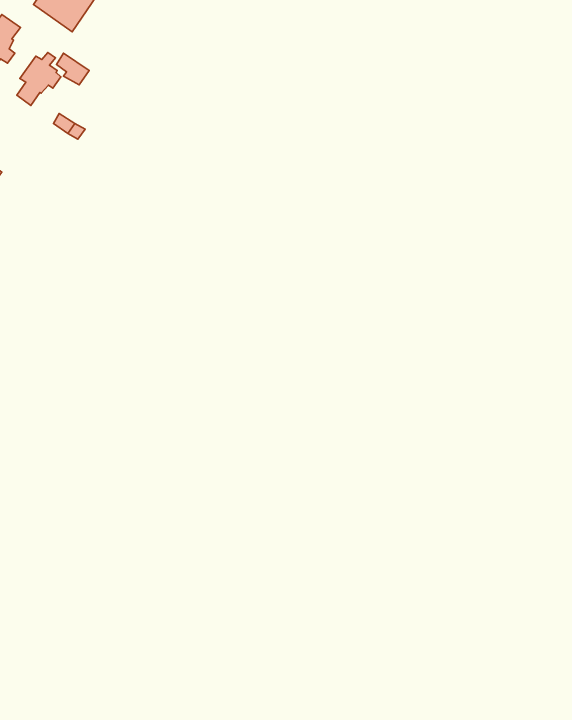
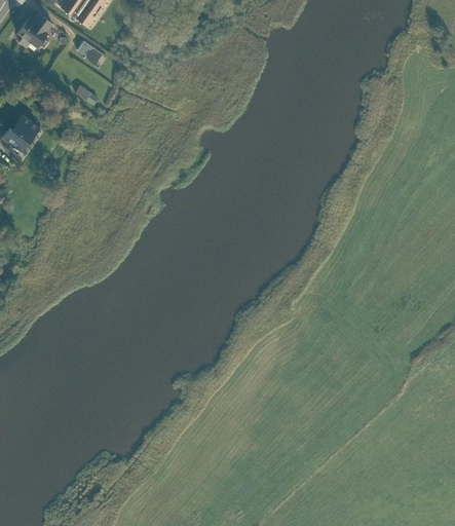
building: [17,52,61,106] -> none

